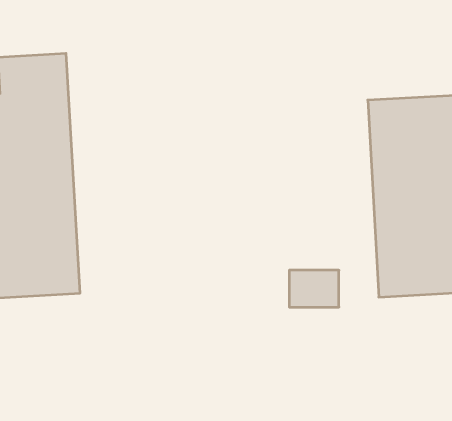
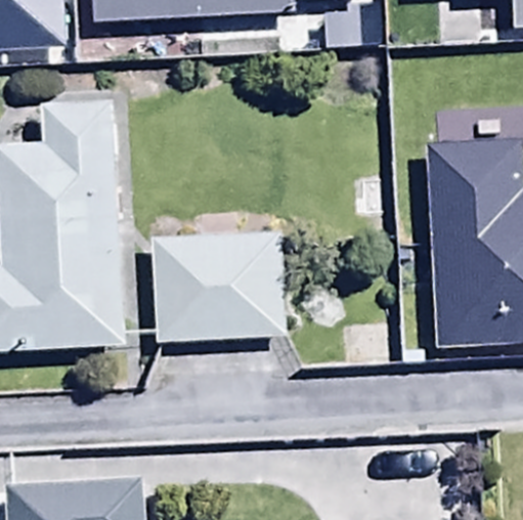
building: none -> [152,231,284,344]

